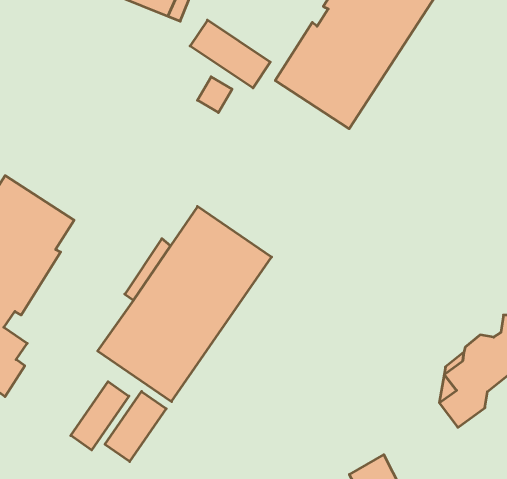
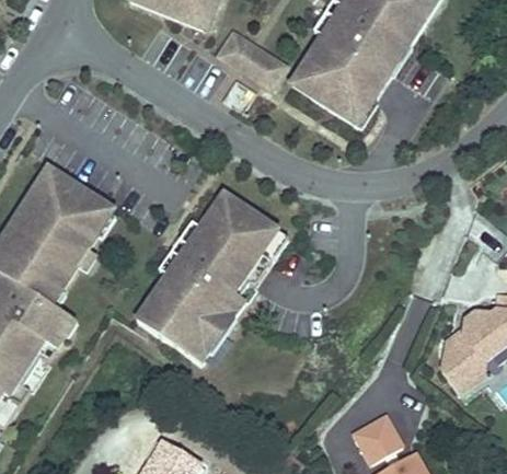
building: [71,382,129,450] -> none
building: [105,391,166,462] -> none

